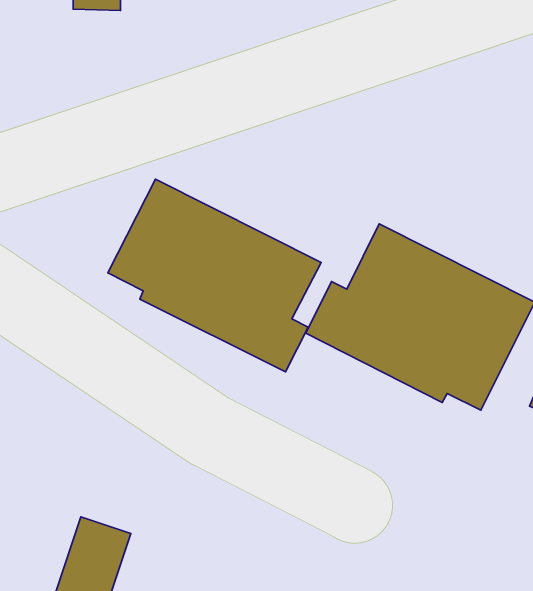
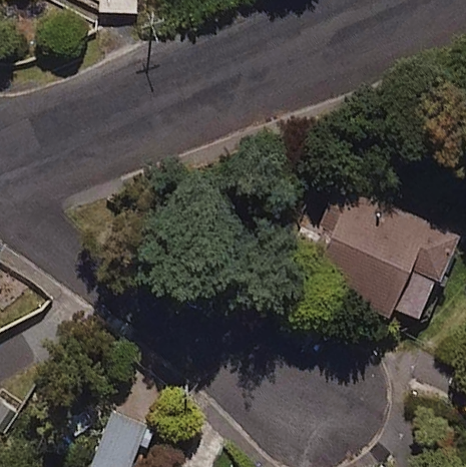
building: [108,179,321,372] -> none

